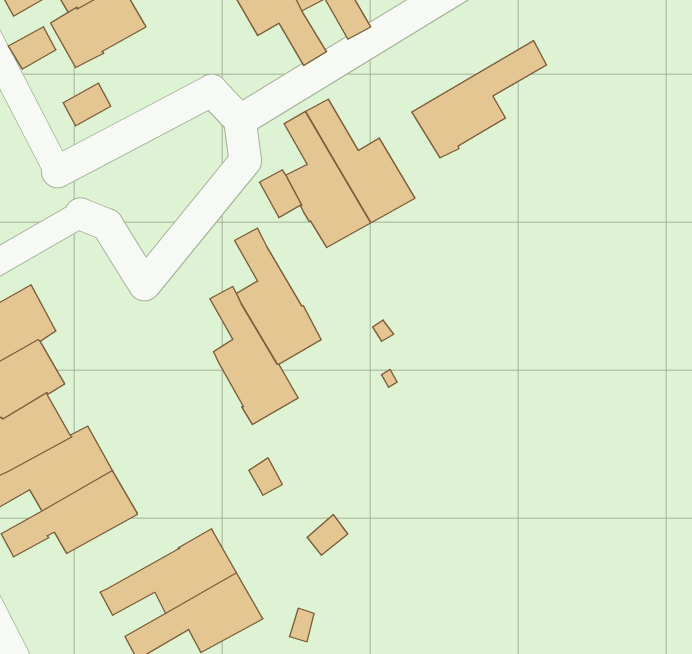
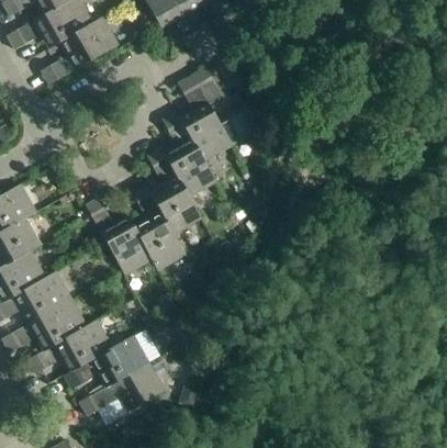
building: none -> [59,15,119,69]
building: [412,40,547,158] -> none
building: none -> [164,137,216,195]
building: none -> [86,197,153,273]
building: none -> [27,318,113,372]

